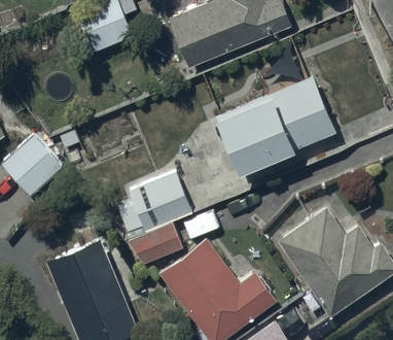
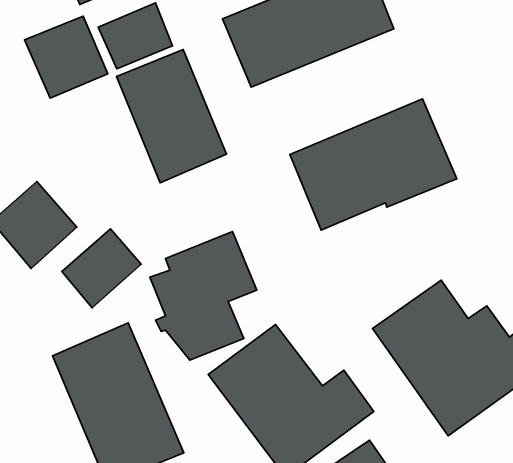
building: none -> [24,16,108,98]
building: none -> [117,50,227,183]
building: none -> [62,229,141,308]

